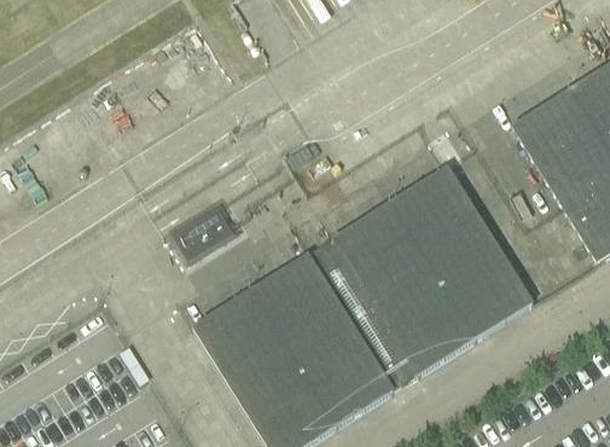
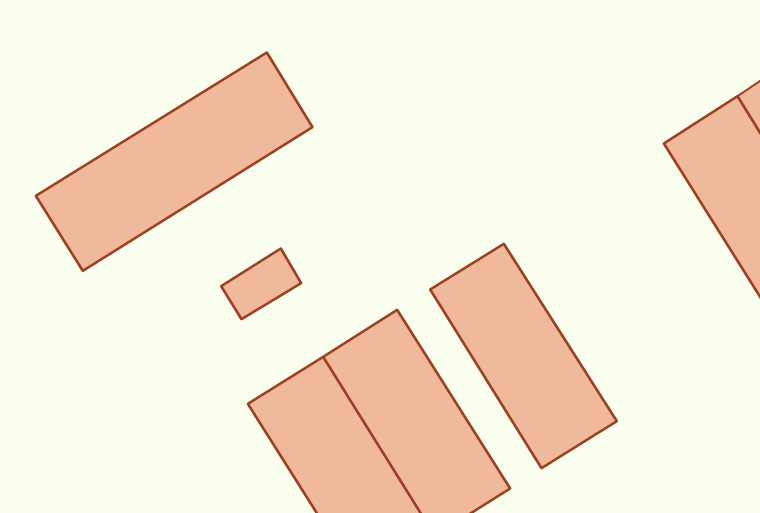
building: none -> [36,53,312,271]
building: [389,164,533,337] -> none
building: [307,236,418,389] -> none

